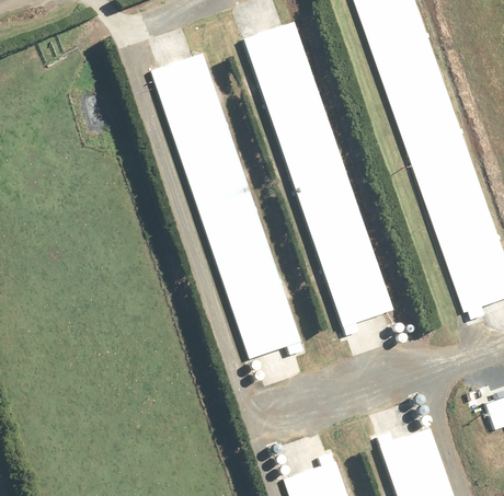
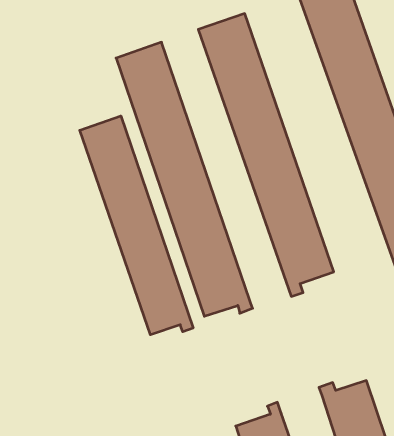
building: none -> [80,116,193,335]

